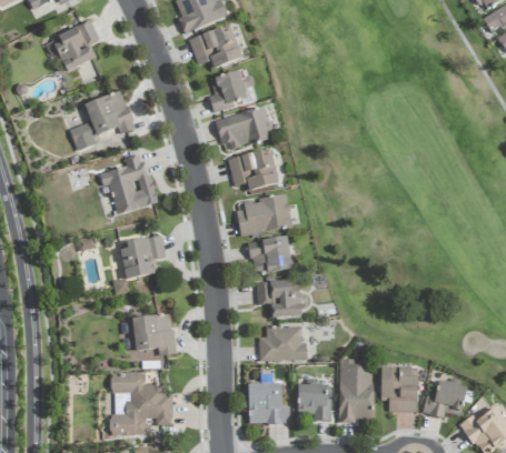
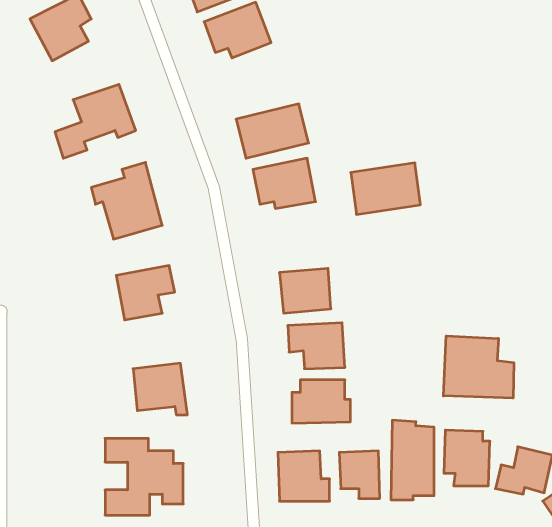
building: [208,69,257,112] -> none
building: [236,194,291,235] -> [351,163,420,214]
building: none -> [443,336,514,398]

